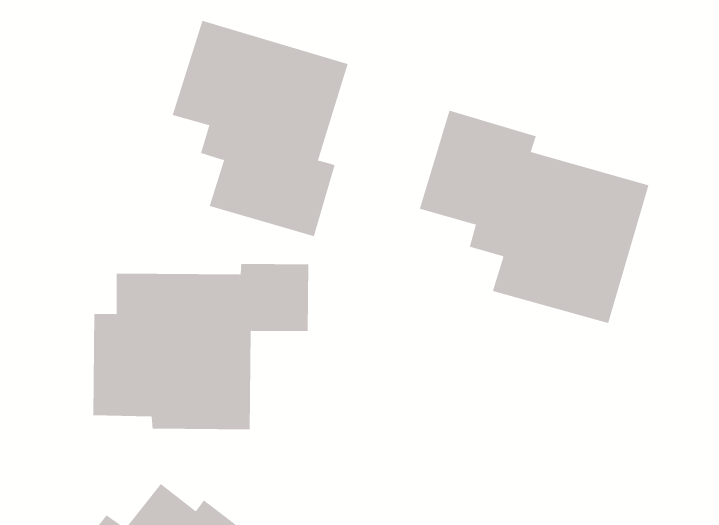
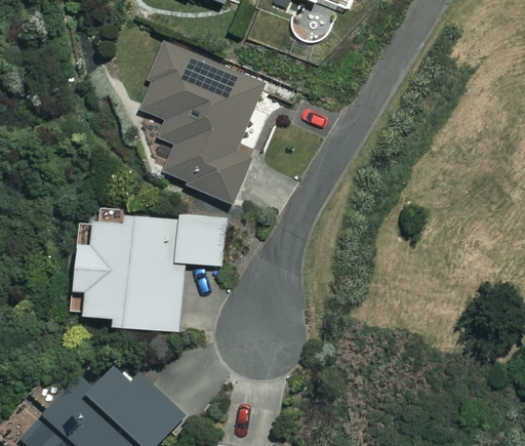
building: [419,110,649,324] -> none

